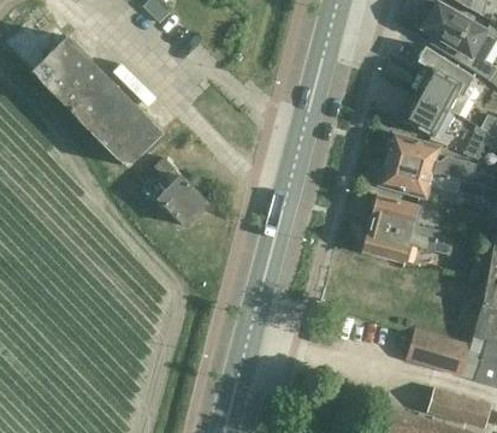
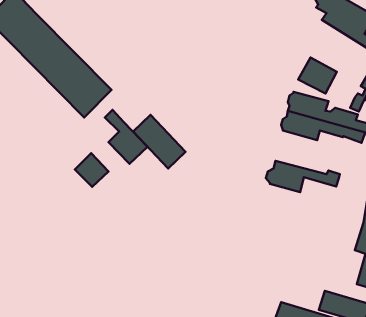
building: [416,46,474,109] -> none
building: none -> [133,115,186,169]
building: [371,195,440,239] -> none
building: none -> [75,153,108,187]
building: [407,328,472,376] -> none

